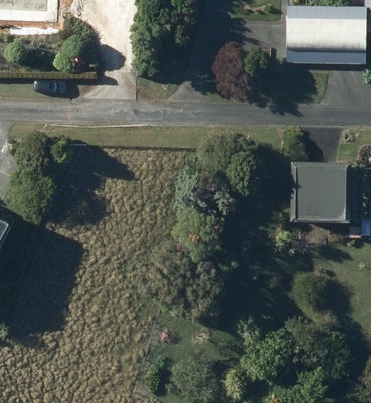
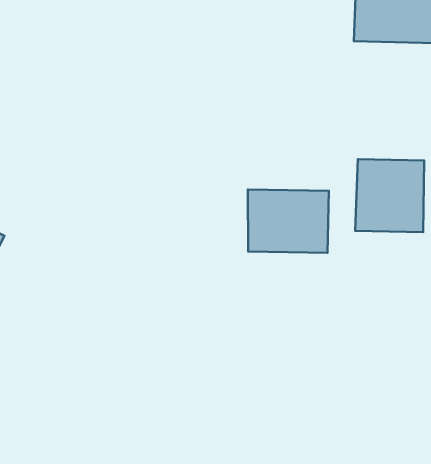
building: none -> [248,189,329,253]

